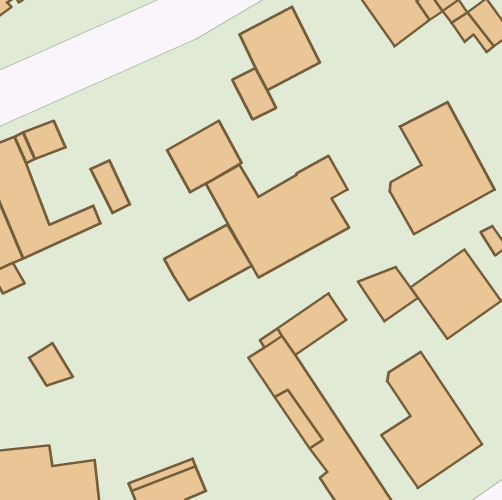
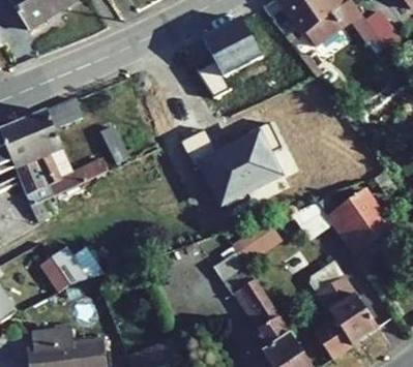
building: [390,102,495,234] -> none
building: [167,121,242,192] -> none
building: [164,224,252,300] -> none

